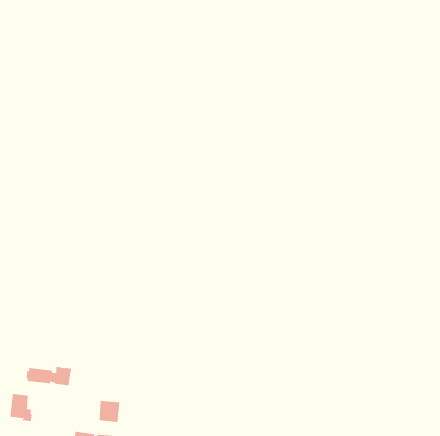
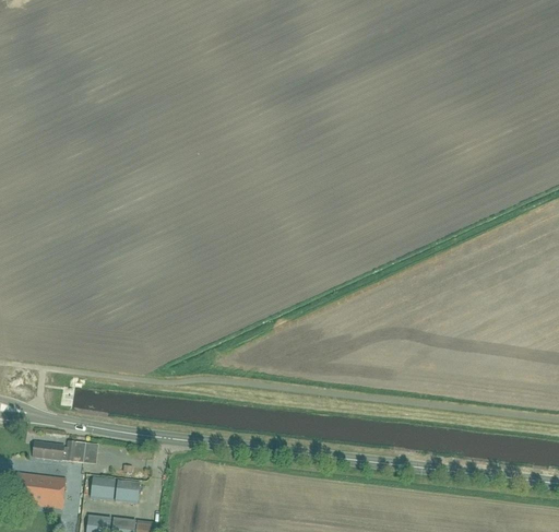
building: none -> [35,473,66,506]
building: none -> [91,476,115,500]

